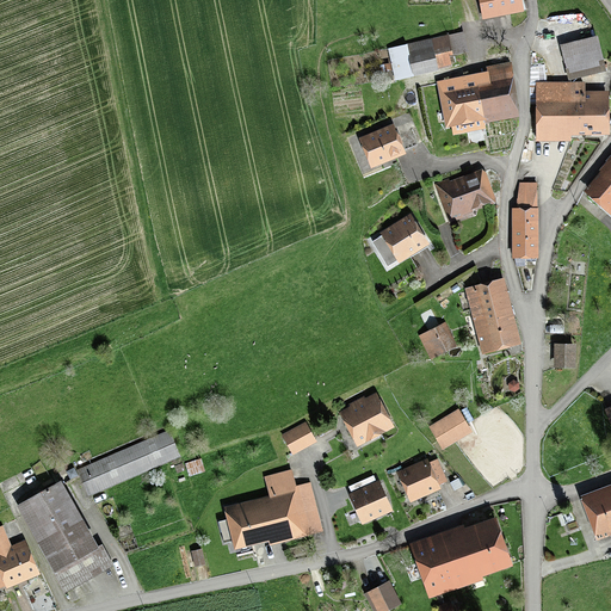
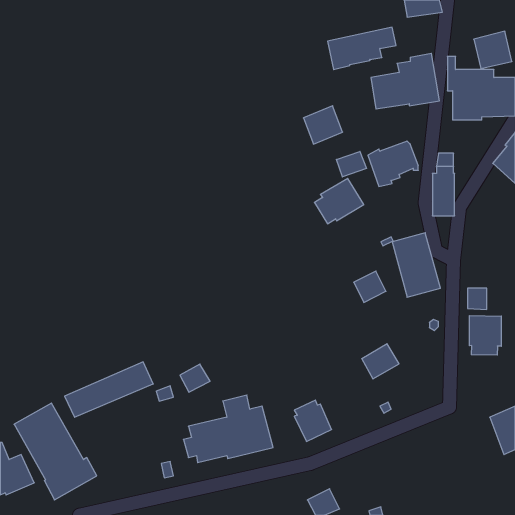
building: none -> [336,151,366,177]
building: none -> [469,316,501,355]
building: [339,390,395,445] -> none
building: [282,420,317,453] -> [180,364,210,392]
building: [397,457,448,501] -> none
building: [409,514,513,597] -> none

